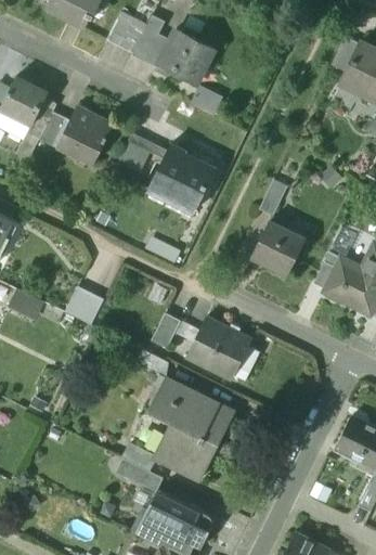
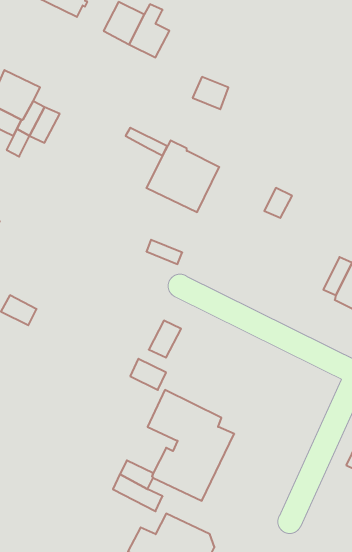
building: [156,28,215,86] -> none
building: [57,107,111,164] -> none
building: [115,139,150,176] -> none
building: [251,221,307,274] -> none
building: [64,285,103,323] -> none
building: [185,315,250,379] -> none

